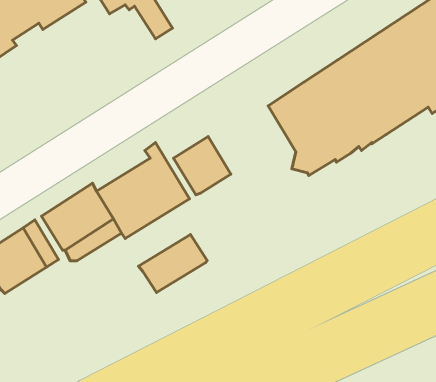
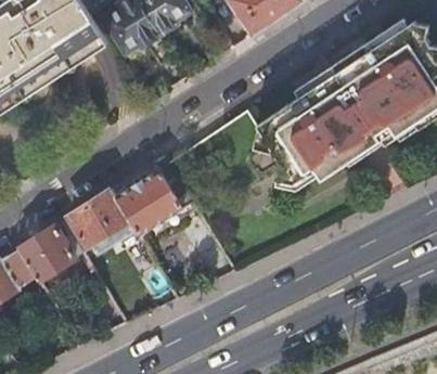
building: [174,136,231,195] -> none
building: [139,234,207,292] -> none

